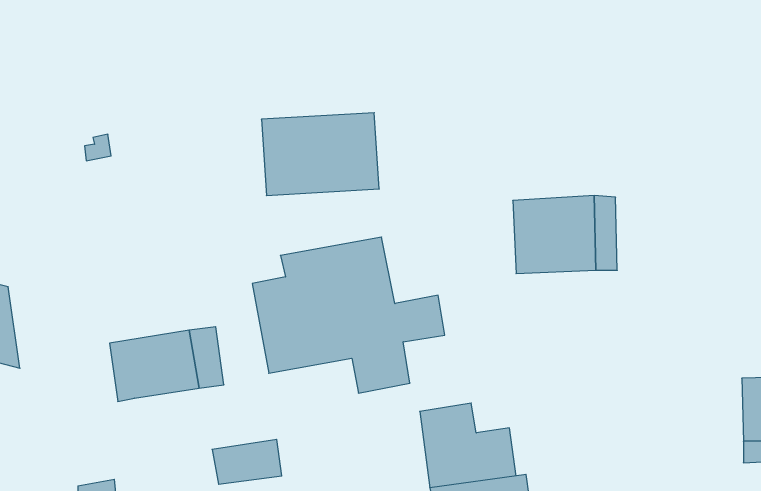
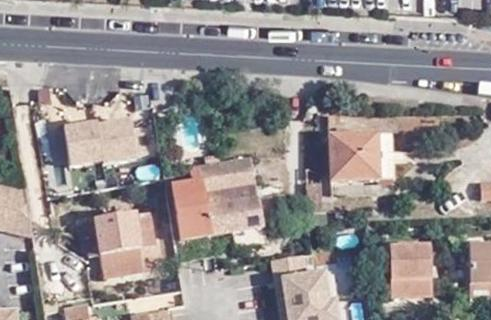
building: [261,113,379,196] -> [64,112,135,162]
building: none -> [388,246,431,296]
building: [212,439,282,484] -> [99,251,141,278]

